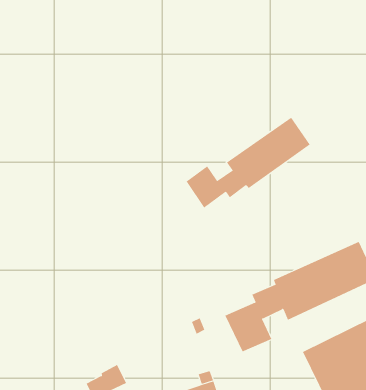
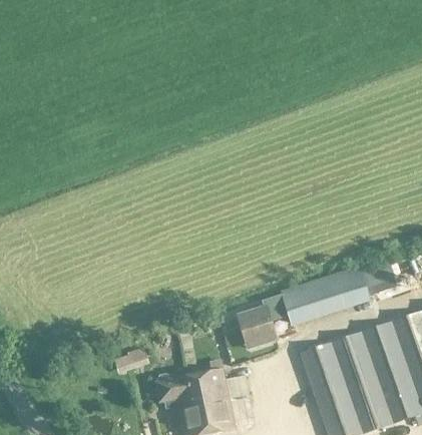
building: [186,117,311,208] -> none

